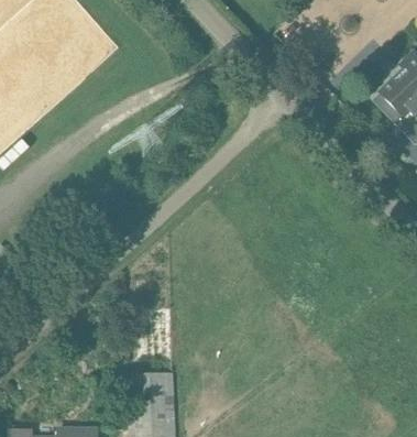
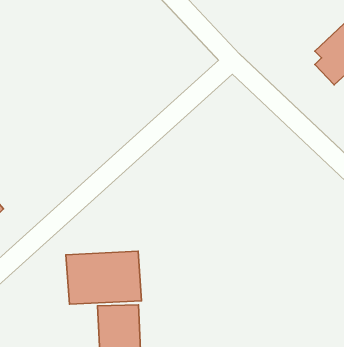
building: none -> [66,251,142,304]

